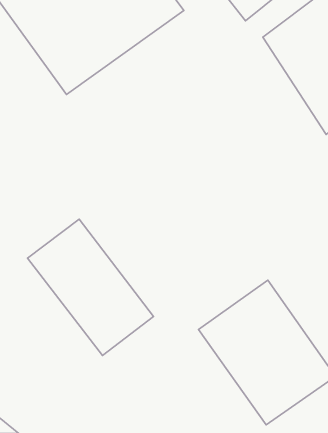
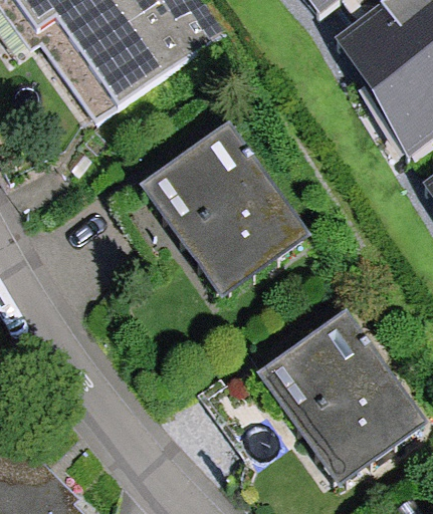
building: none -> [164,108,330,278]
building: [27,219,153,356] -> none

